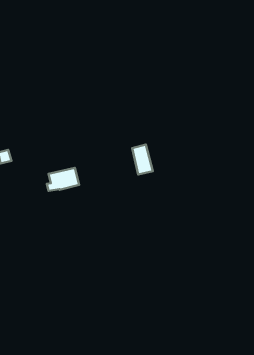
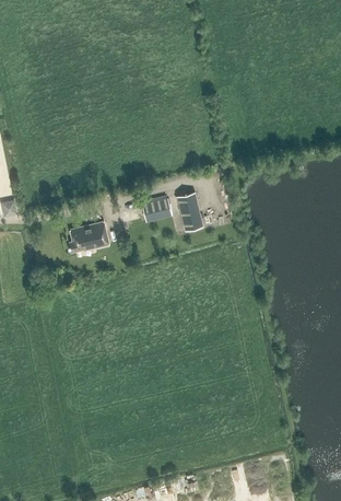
building: none -> [140,198,170,222]

